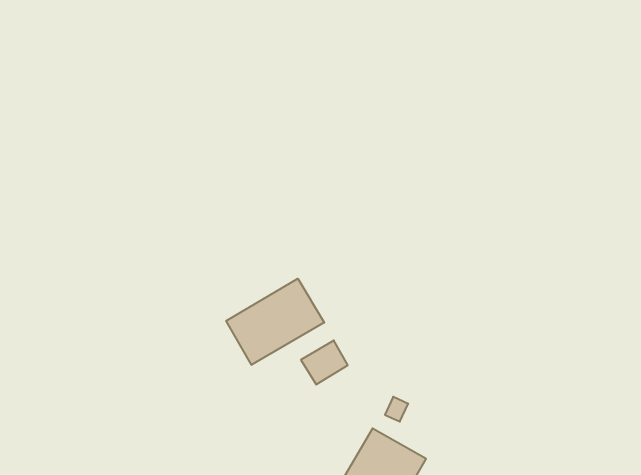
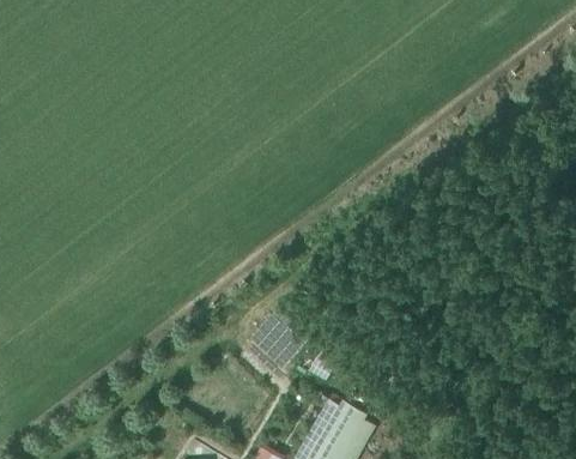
building: [226,279,324,365] -> none

